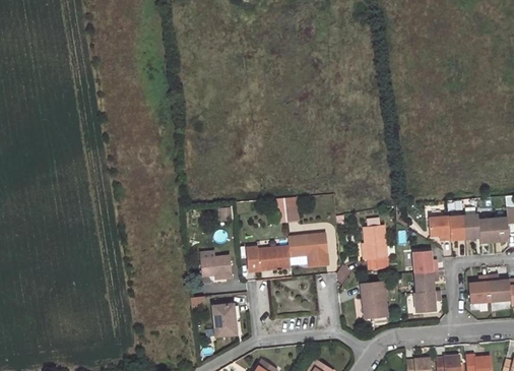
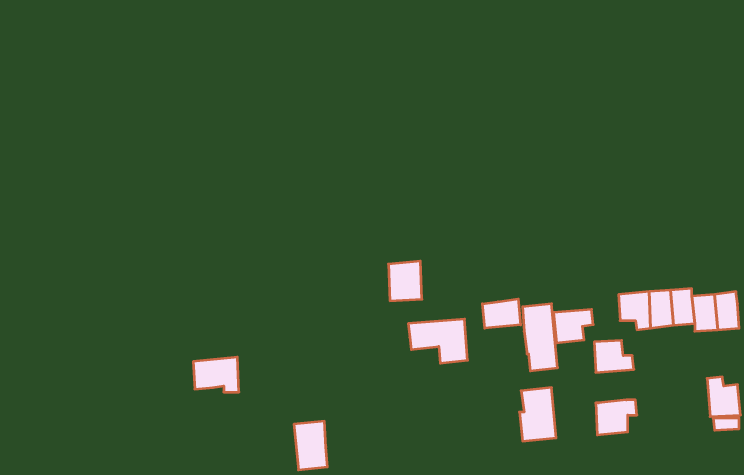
building: none -> [482,299,521,328]
building: [247,246,292,270] -> none
building: [201,254,232,277] -> [193,357,239,392]
building: [413,268,440,291] -> [554,309,593,343]
building: [468,274,490,302] -> none

